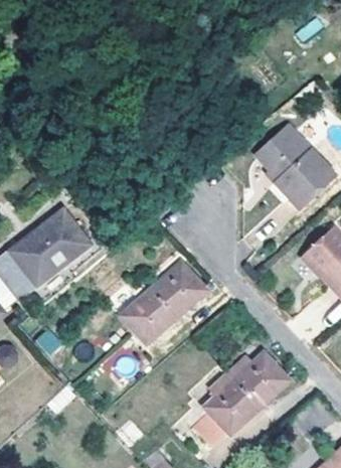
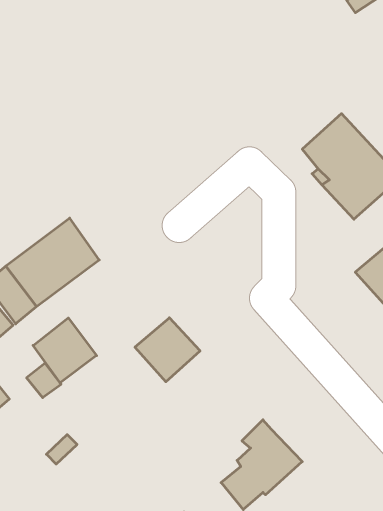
building: [149,265,204,317] -> none
building: none -> [33,318,97,383]
building: [225,355,286,408] -> none

